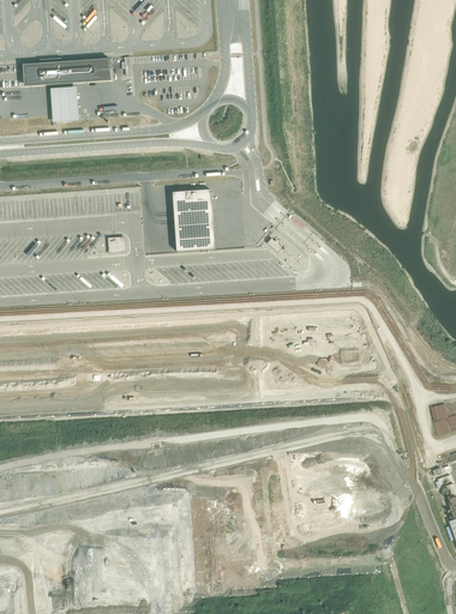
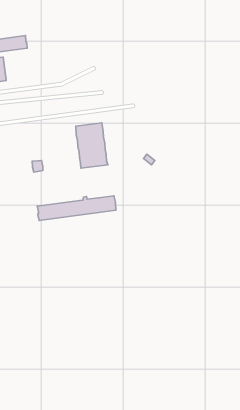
building: none -> [37,196,116,221]

